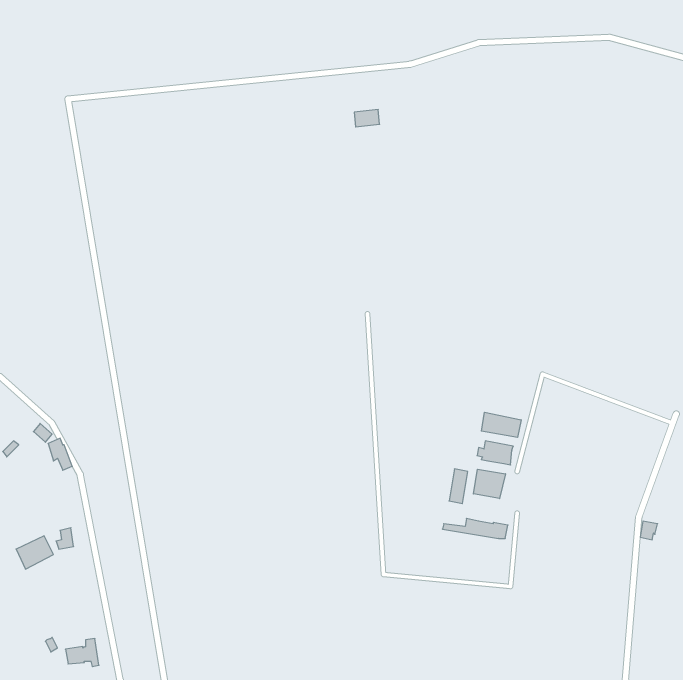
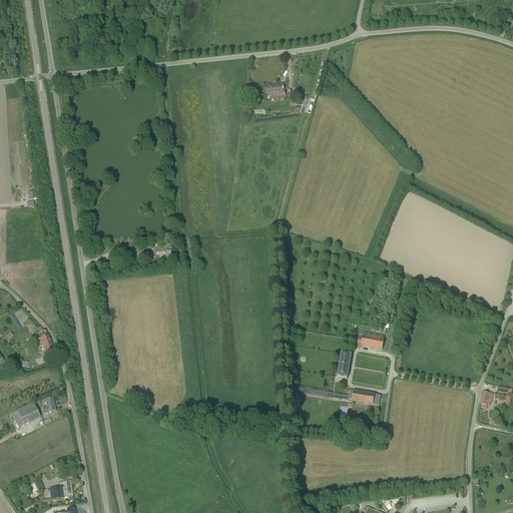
building: [481,412,521,437] -> none
building: [473,469,505,499] -> none

